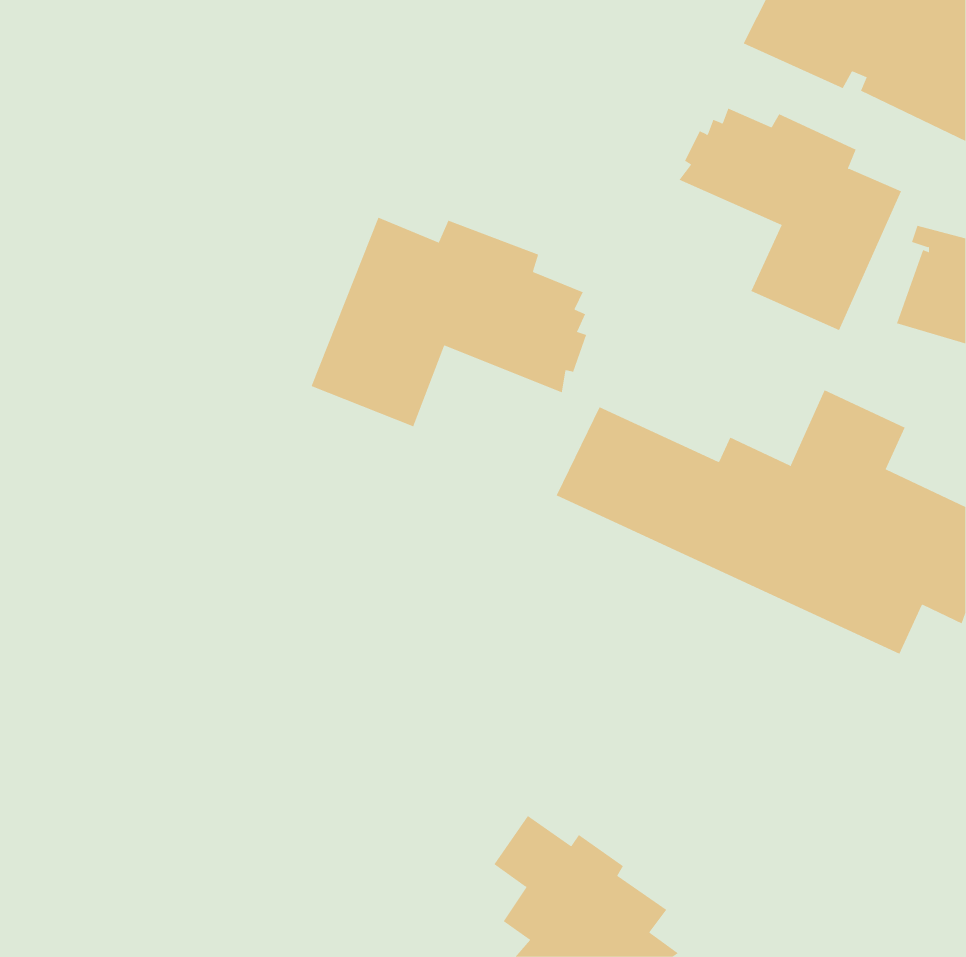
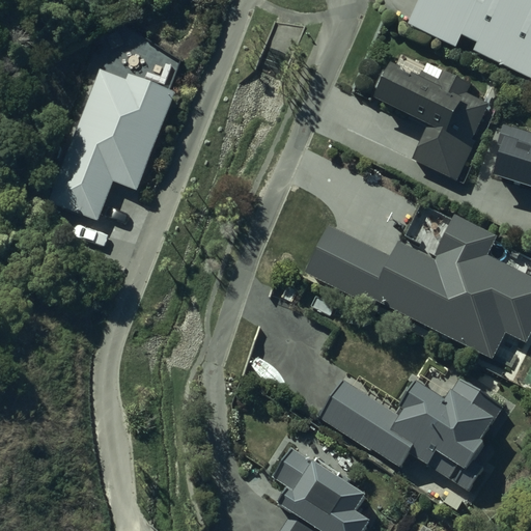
building: none -> [48,66,175,219]
building: [311,217,587,427] -> none
building: none -> [318,368,505,490]

